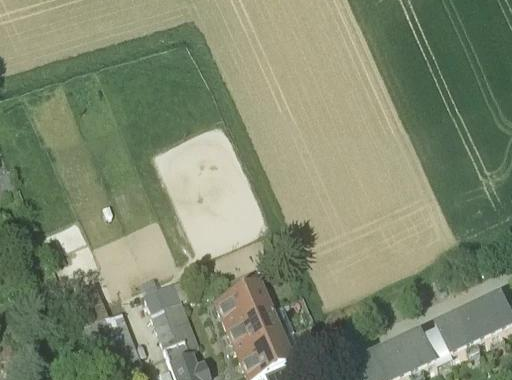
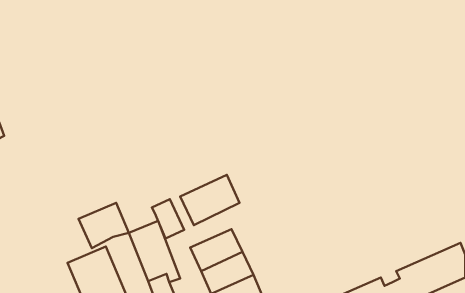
building: none -> [180,175,239,225]
building: none -> [152,199,184,239]
building: none -> [79,203,129,248]

